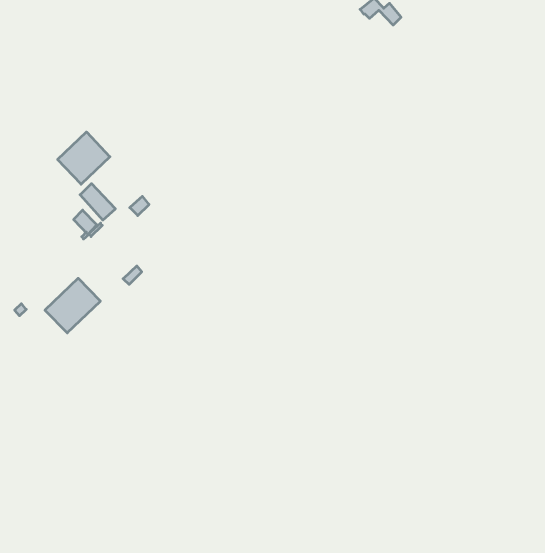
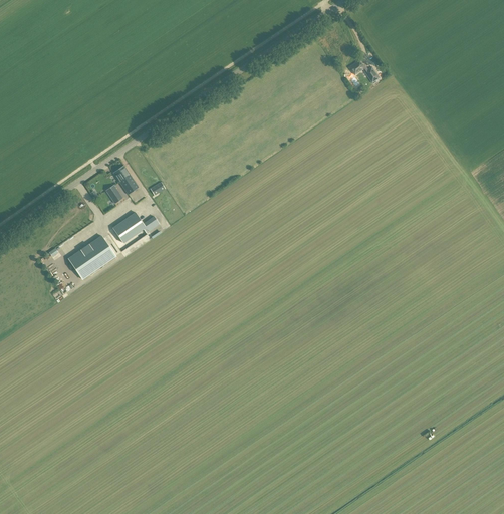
building: [58,132,110,184] -> none
building: none -> [111,213,146,244]

